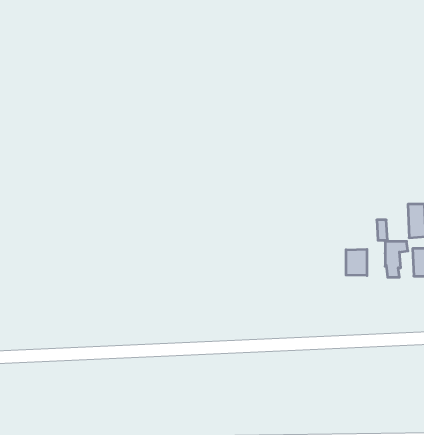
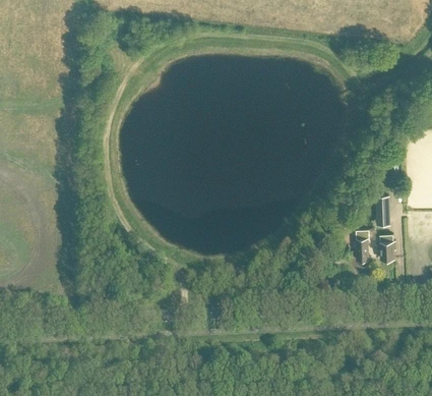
building: [346,249,367,276] -> none

